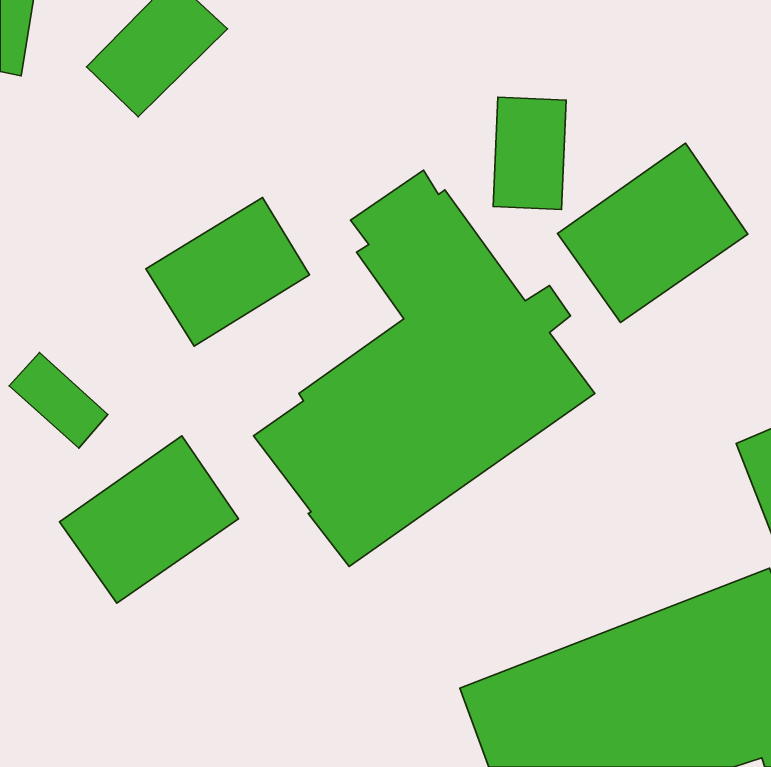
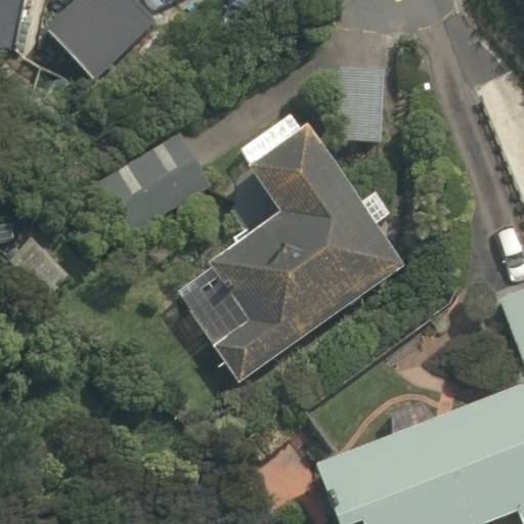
building: [558,143,748,323] -> none
building: [59,436,239,603] -> none

